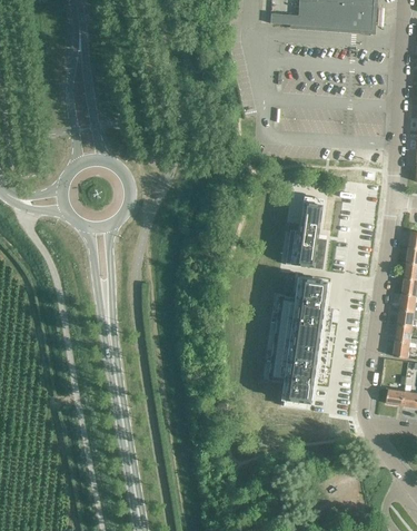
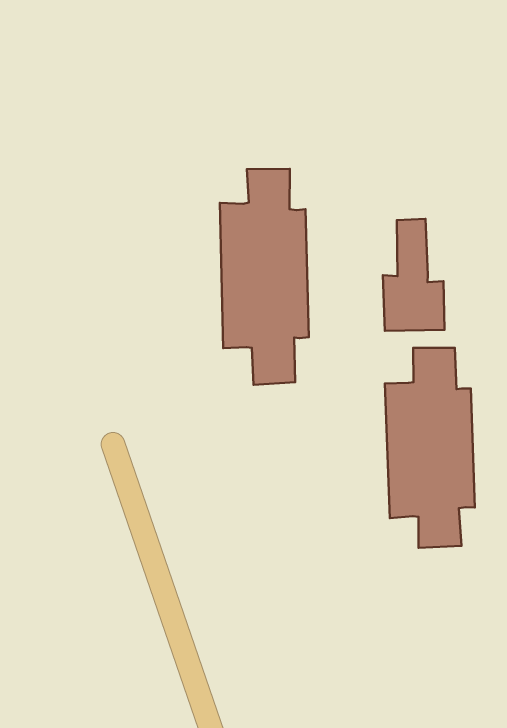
building: none -> [220,169,309,385]

